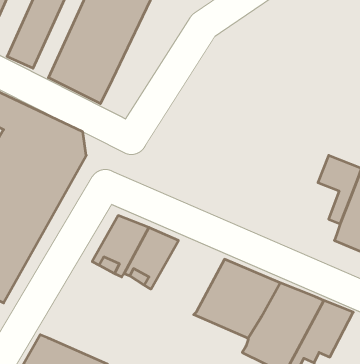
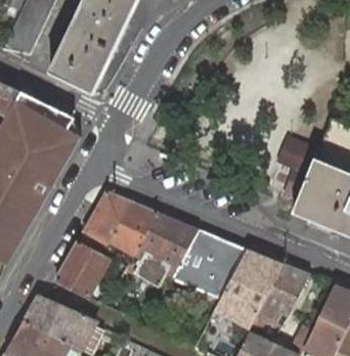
building: none -> [124,212,199,284]
building: none -> [56,240,112,298]

